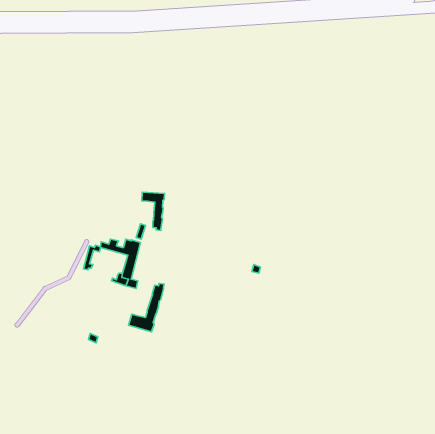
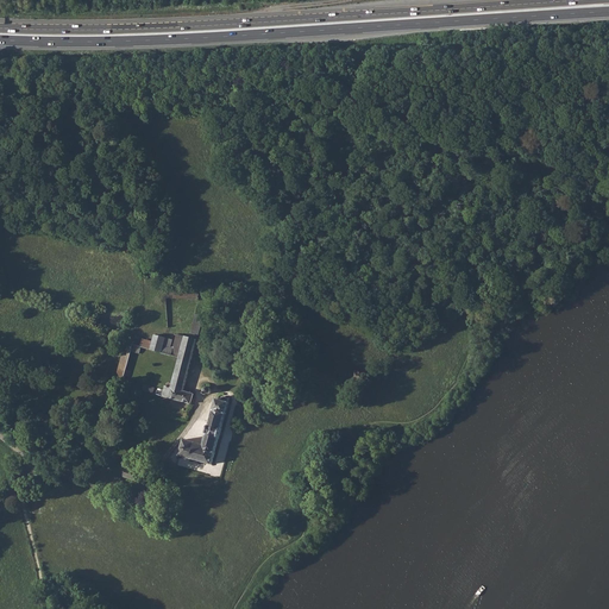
building: [142,192,164,231] -> none

